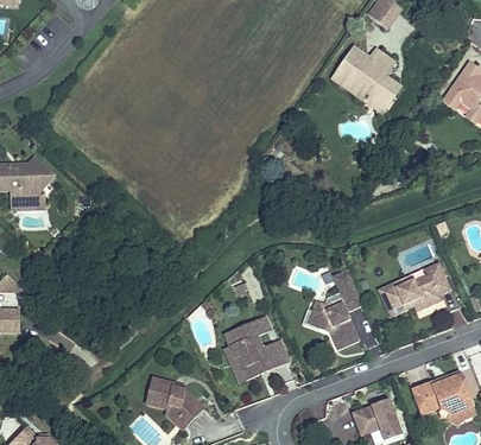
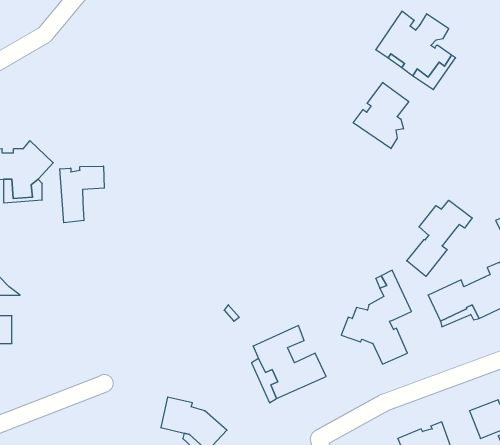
building: none -> [353,82,409,149]
building: none -> [60,166,104,223]
building: none -> [407,200,472,276]

